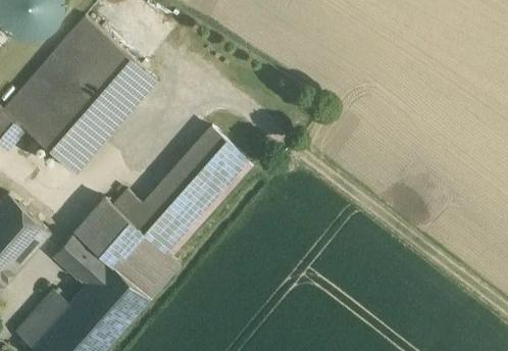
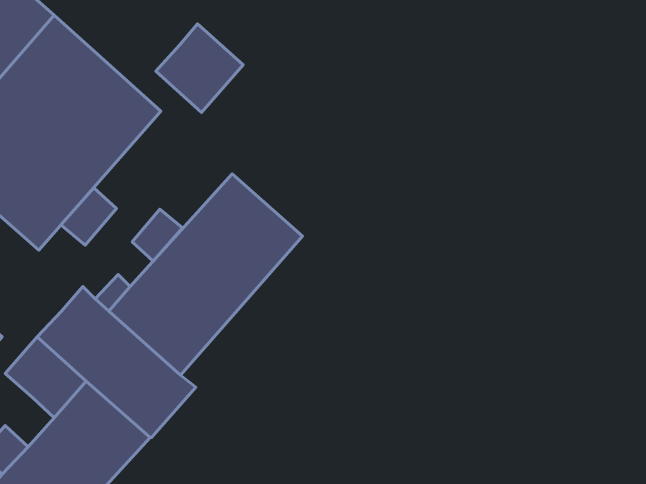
building: none -> [156,24,243,112]
building: none -> [61,188,116,245]
building: none -> [132,209,182,261]

